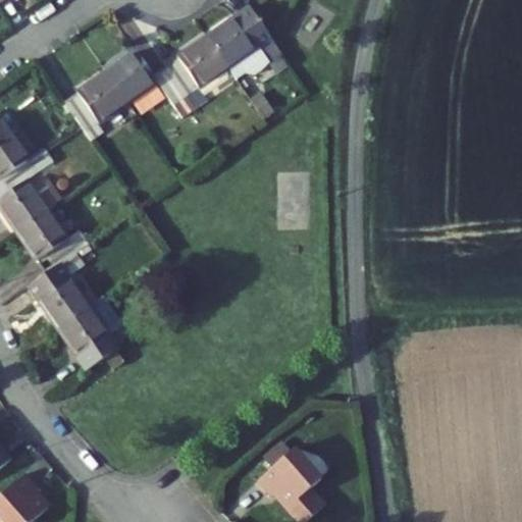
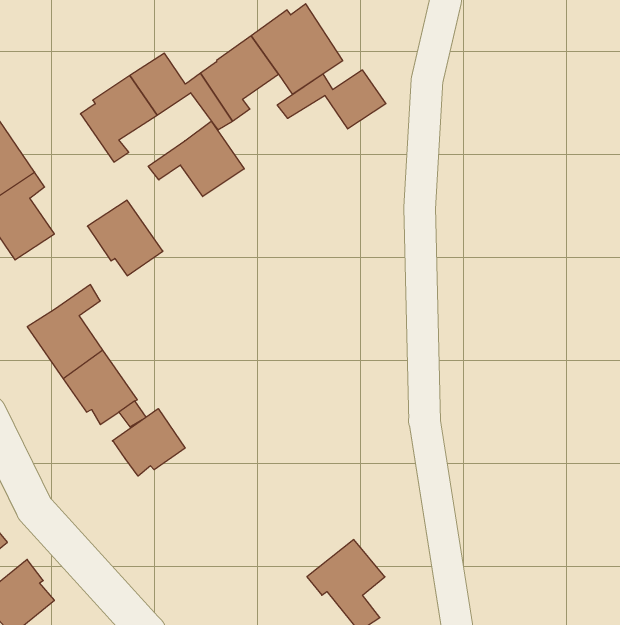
building: none -> [277,70,386,129]
building: none -> [148,121,244,197]
building: [12,199,74,261] -> [87,200,163,276]
building: none -> [112,409,185,476]

